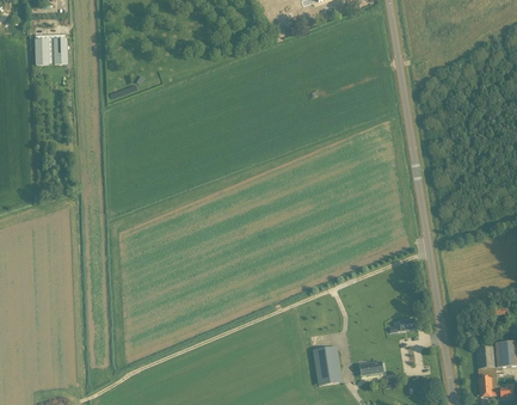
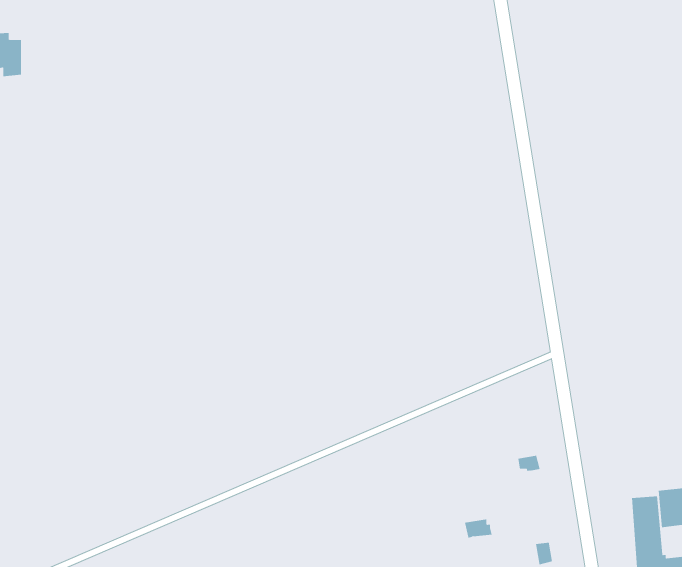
building: [313,345,341,374] -> none

